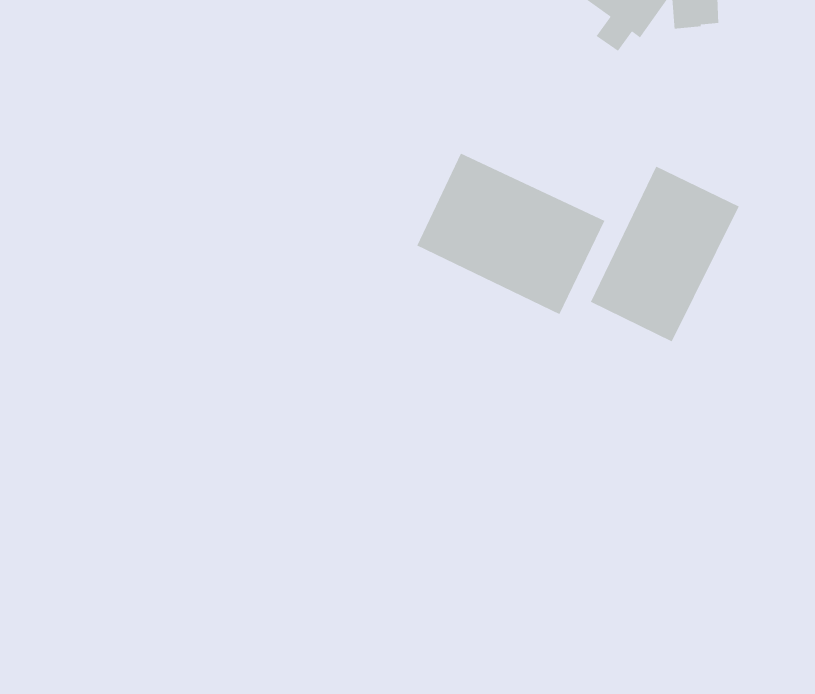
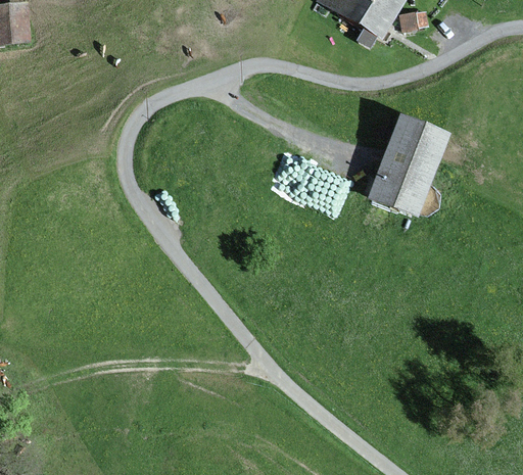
building: [416,153,606,315] -> none

